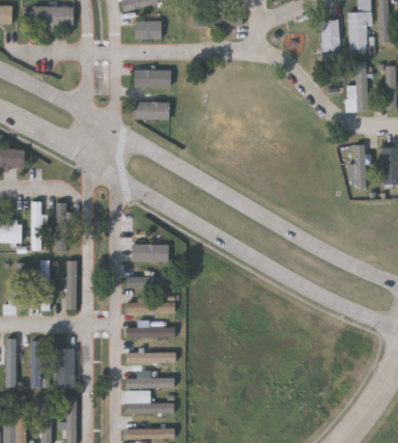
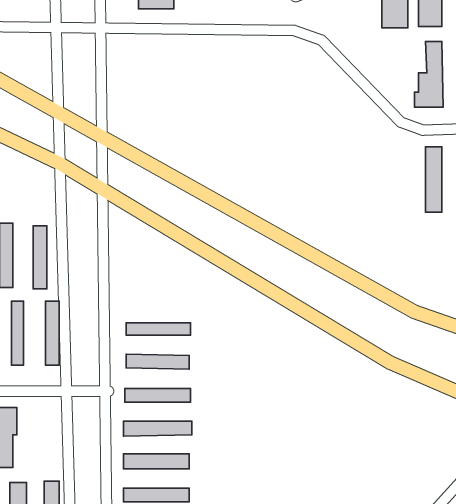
building: [134,70,171,87] -> none
building: [137,102,170,119] -> none
building: [132,244,168,260] -> none
building: [56,349,74,389] -> none

